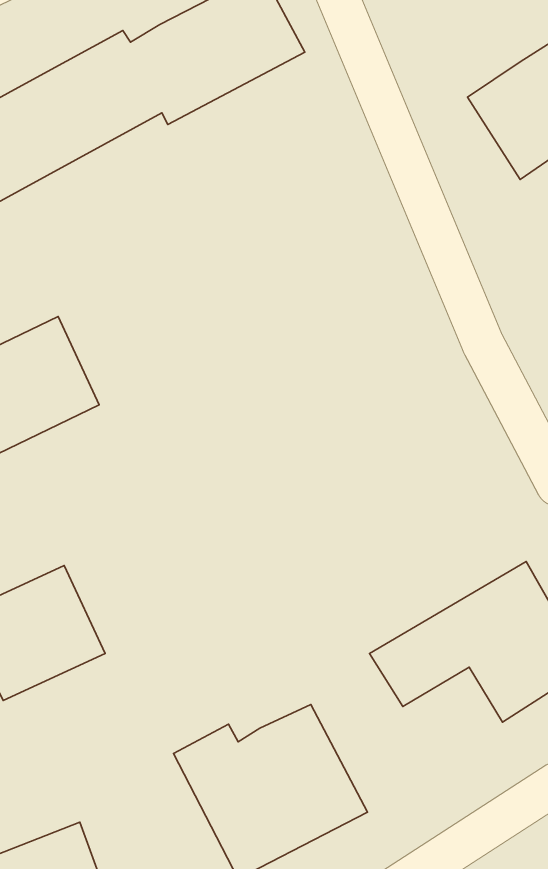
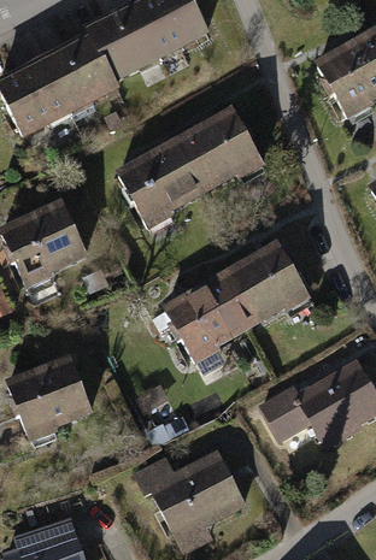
building: none -> [119,114,265,229]
building: none -> [155,241,313,358]

